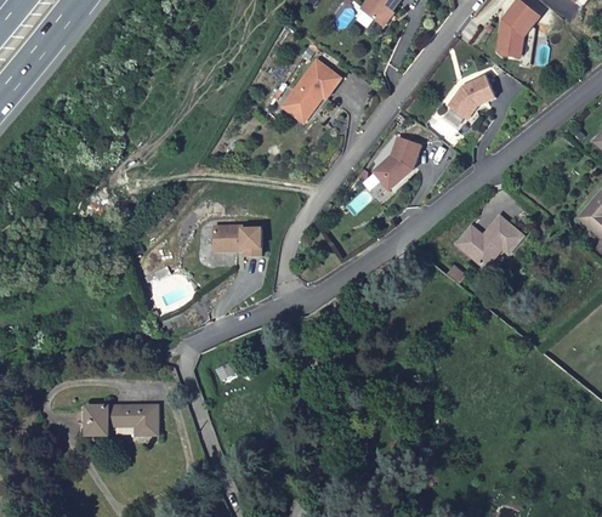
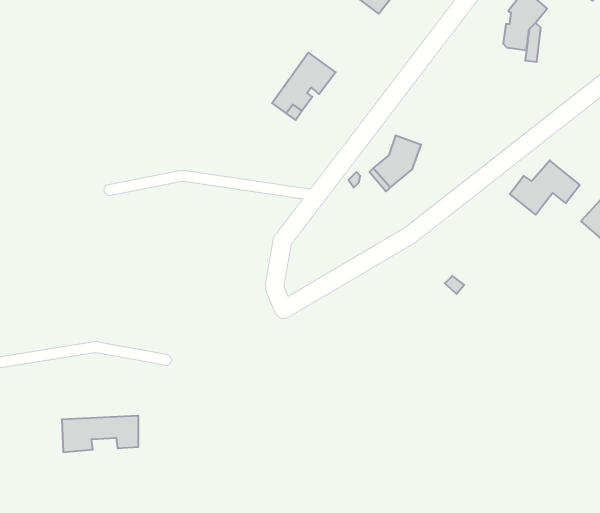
building: [448,75,495,120] -> none
building: [453,214,518,265] -> [510,160,580,215]
building: [212,226,261,256] -> none

